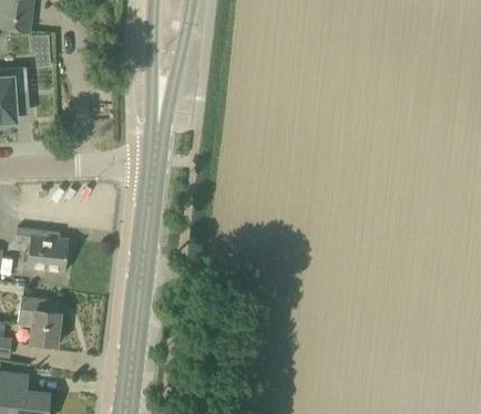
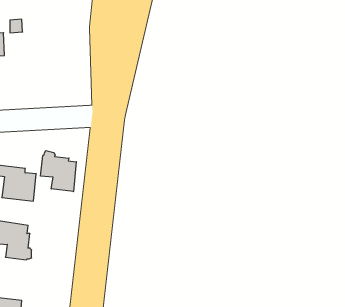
building: none -> [41,151,76,192]

